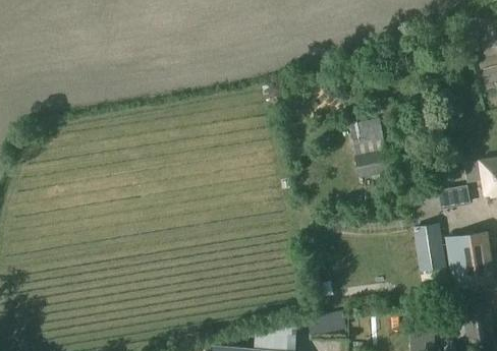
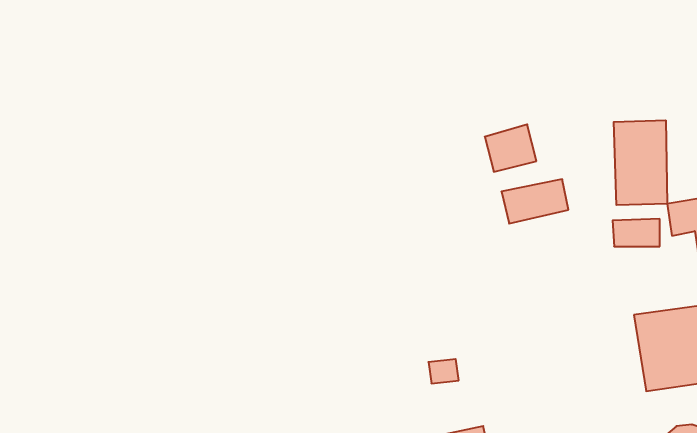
building: none -> [614,120,667,205]
building: [412,224,446,273] -> none

